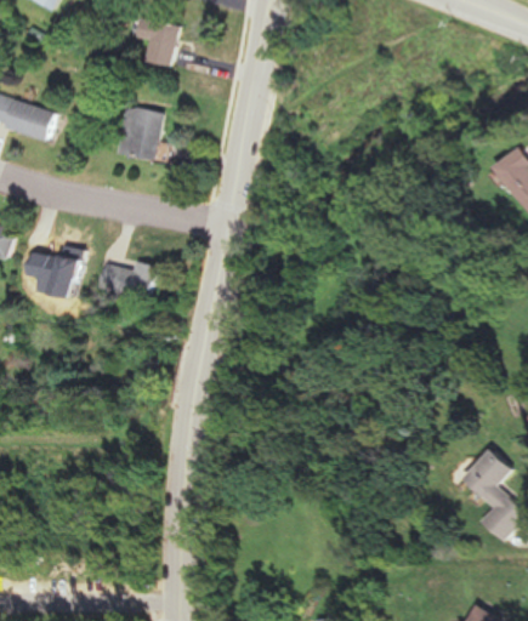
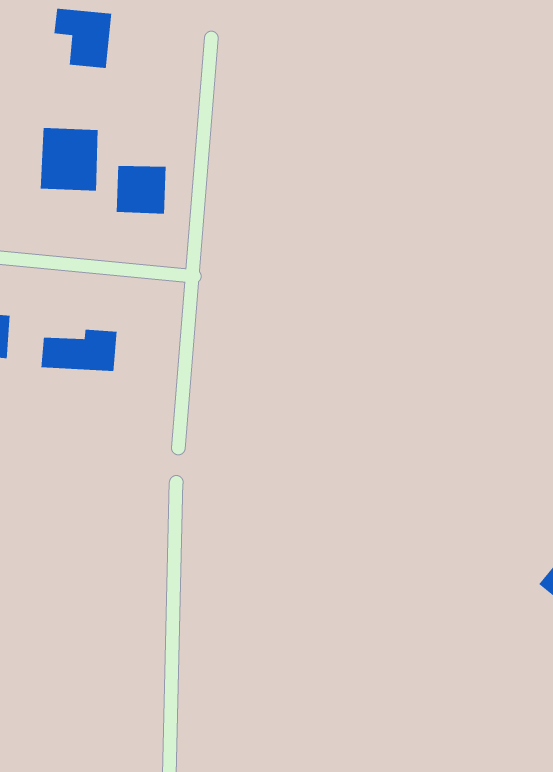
building: none -> [116,165,167,215]

